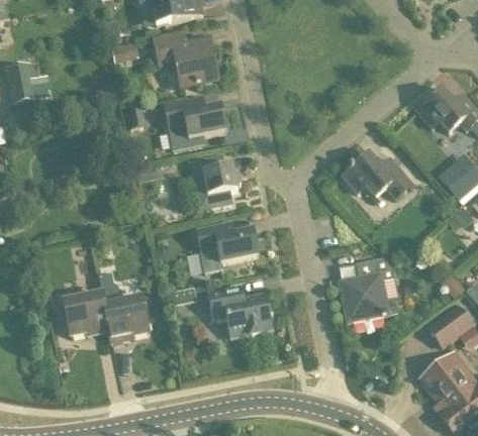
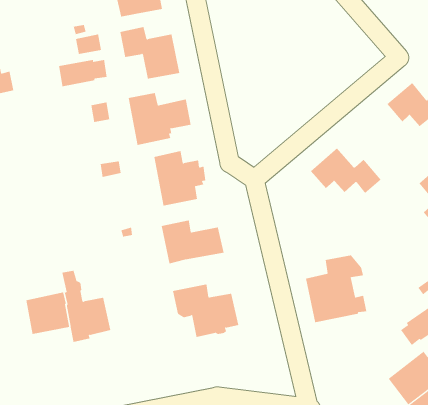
building: none -> [58,59,107,87]

